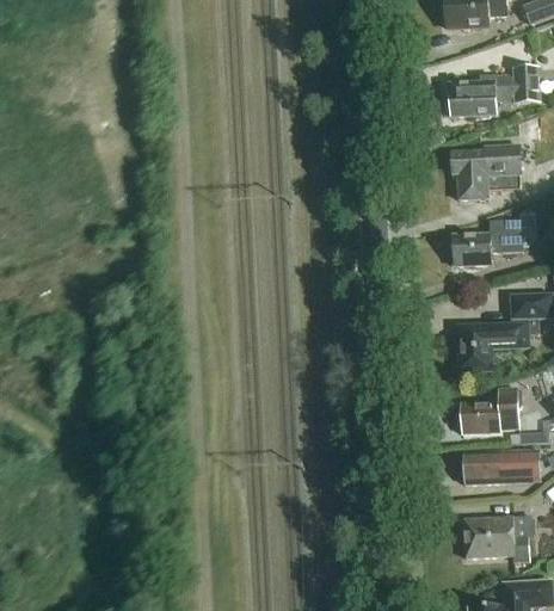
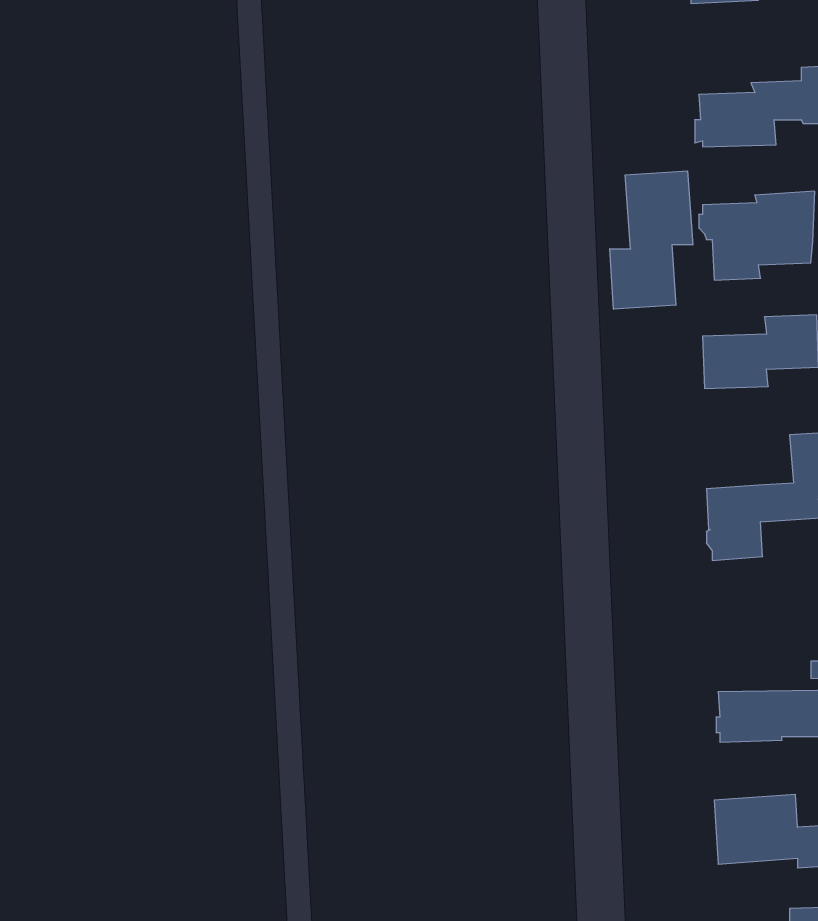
building: none -> [610,171,693,309]
building: [458,390,518,436] -> none

